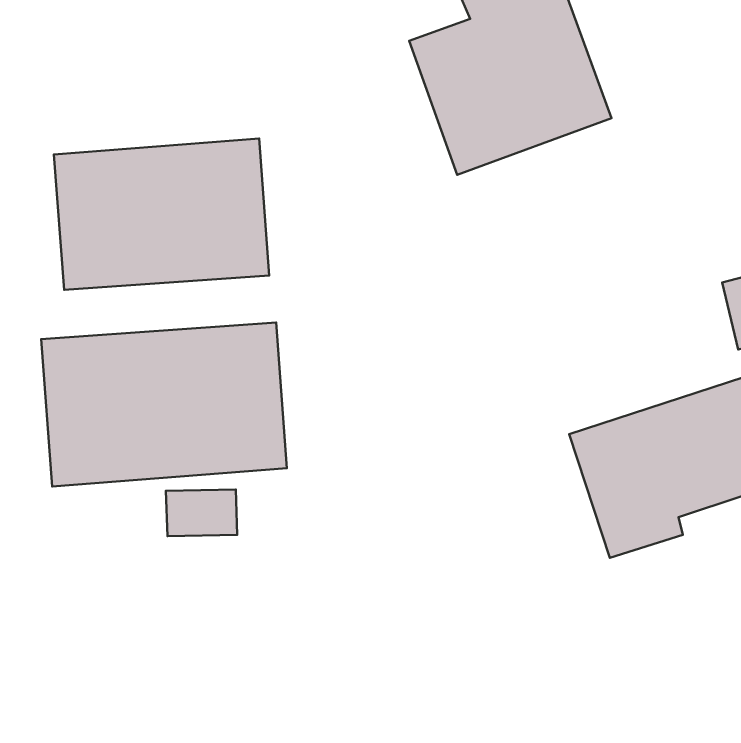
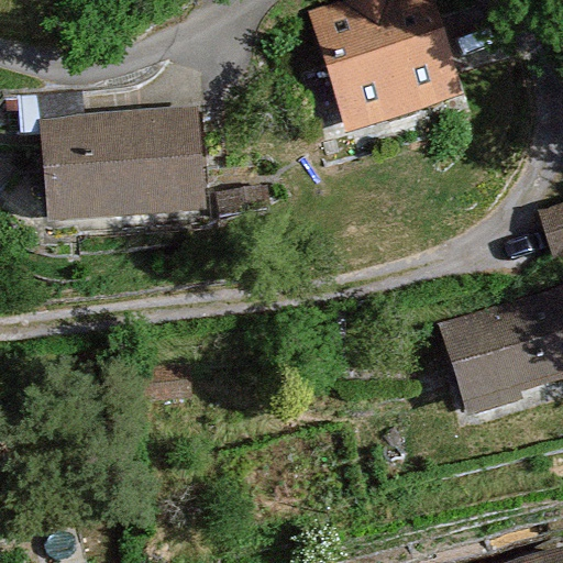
building: [41,323,287,487] -> none

